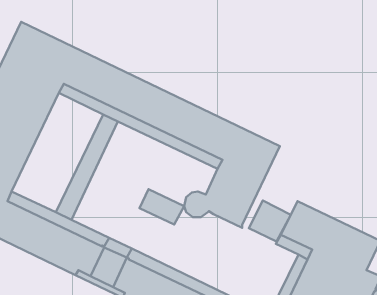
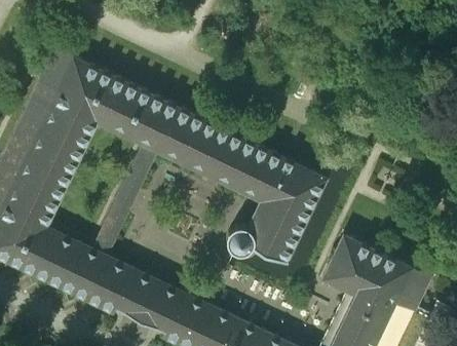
building: [139,189,184,225] -> none
building: [249,200,291,242] -> none

